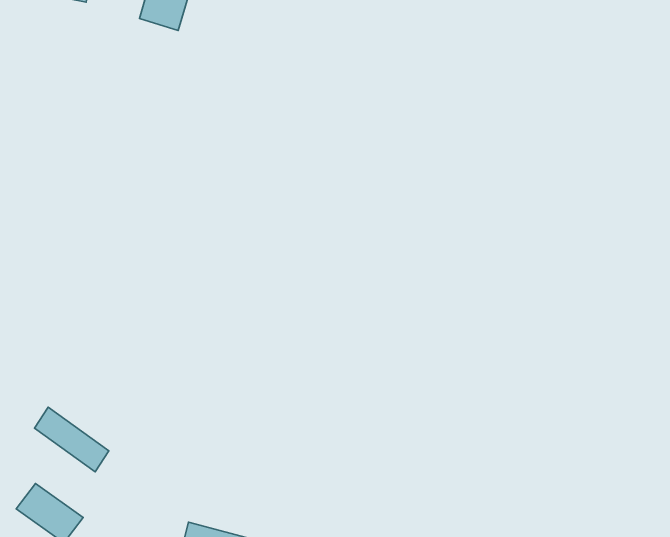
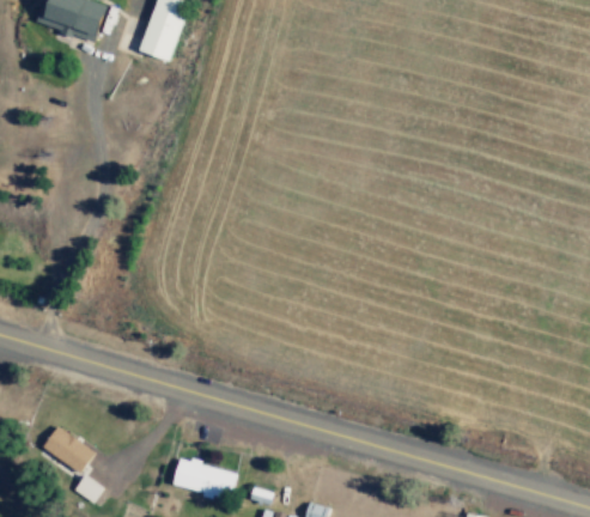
building: [34,407,109,472] -> none

